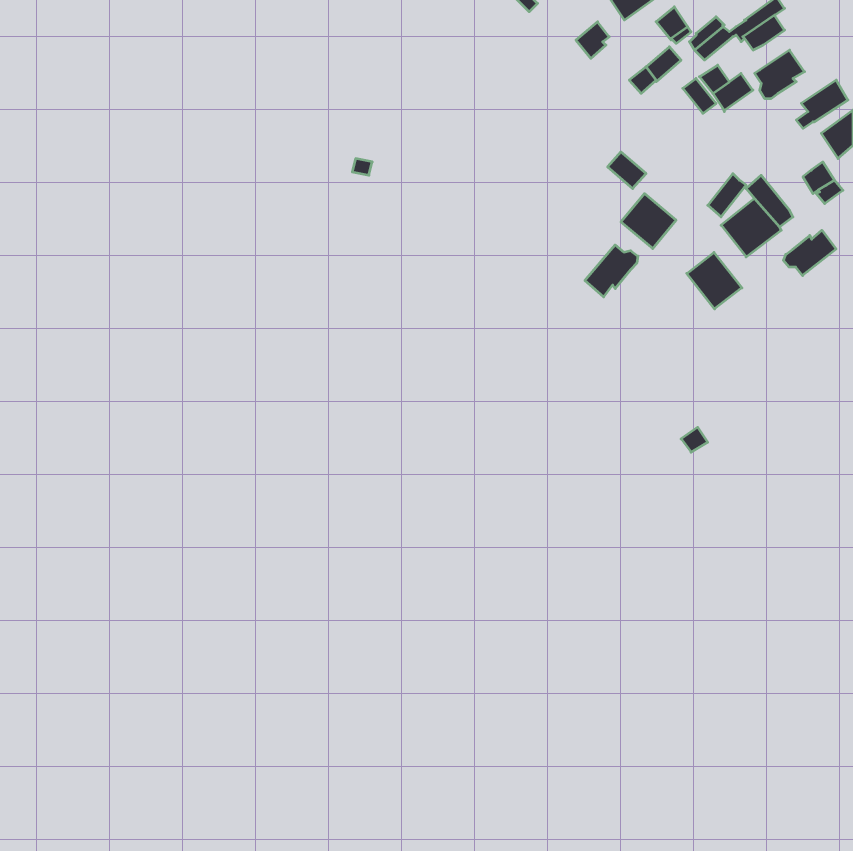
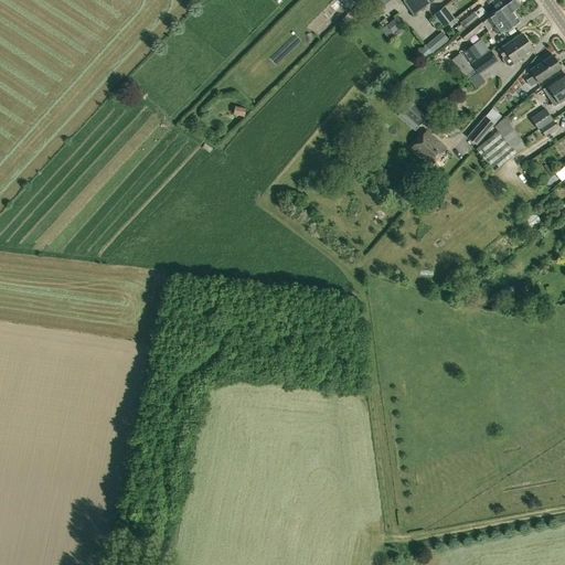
building: [783,230,836,276] -> none
building: [585,245,638,297] -> none
building: [687,252,742,309] -> none

